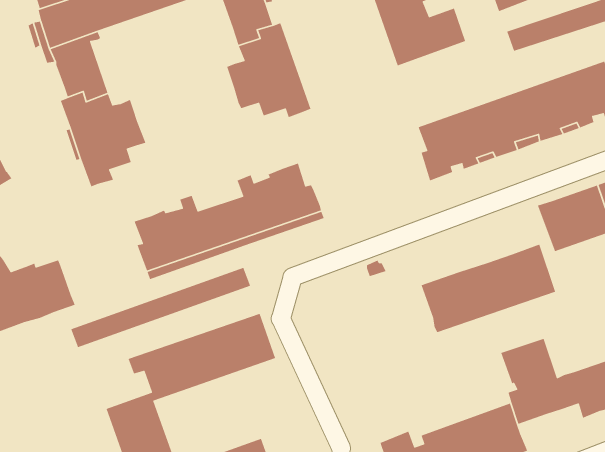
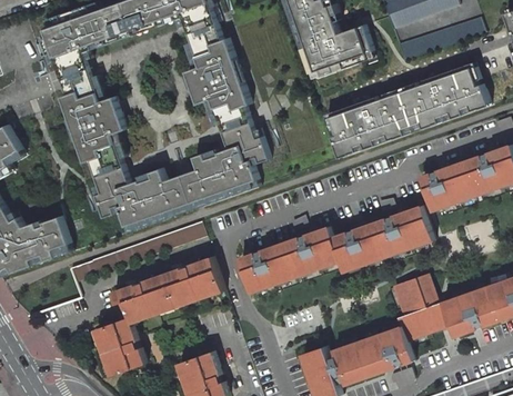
building: none -> [213,103,269,165]
building: none -> [89,143,129,218]
building: none -> [239,227,341,293]

